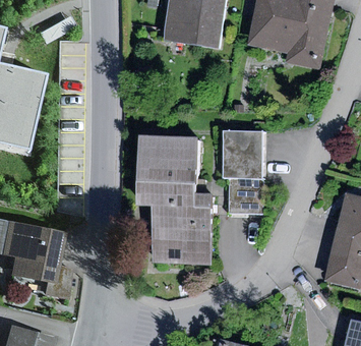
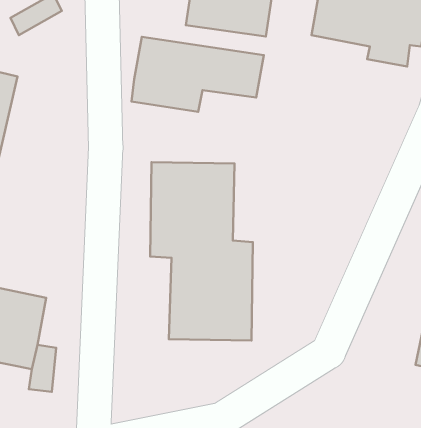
building: none -> [132,37,264,112]
building: [224,129,265,213] -> none

